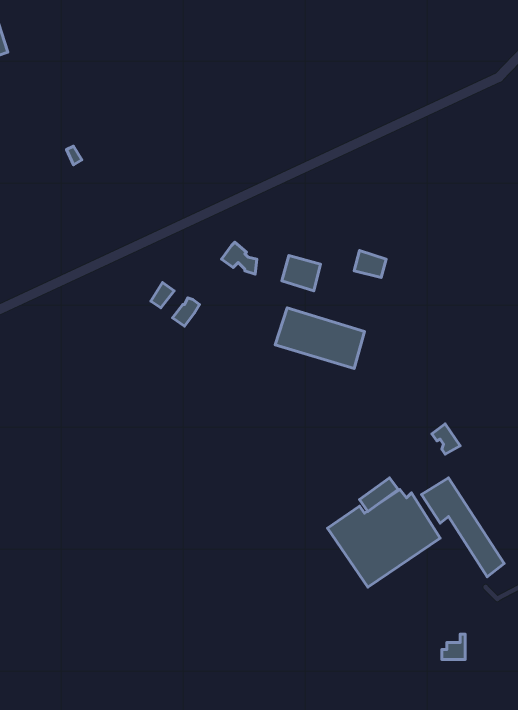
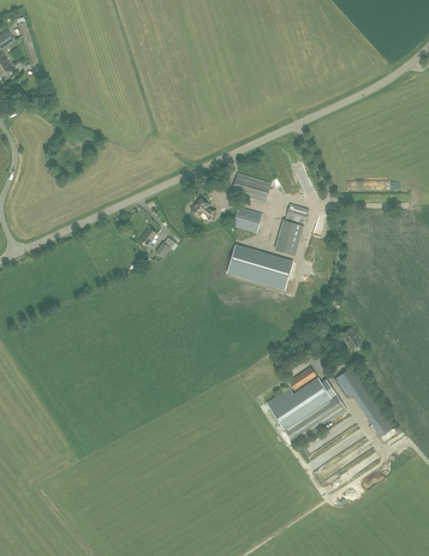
building: none -> [230,173,269,201]
building: none -> [275,220,302,255]

